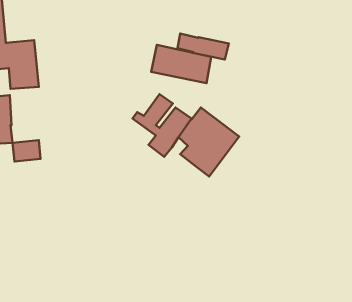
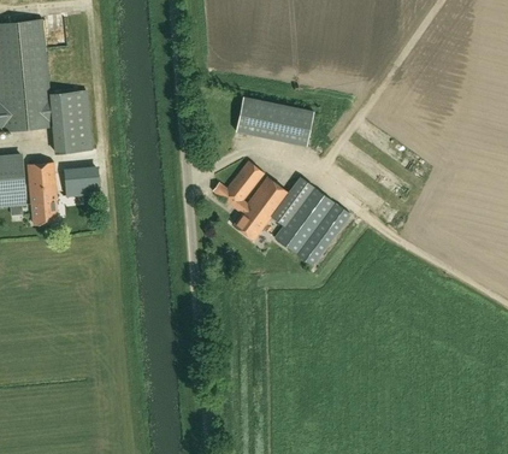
building: [177,34,229,59] -> none
building: [13,140,41,162] -> [64,167,100,195]

